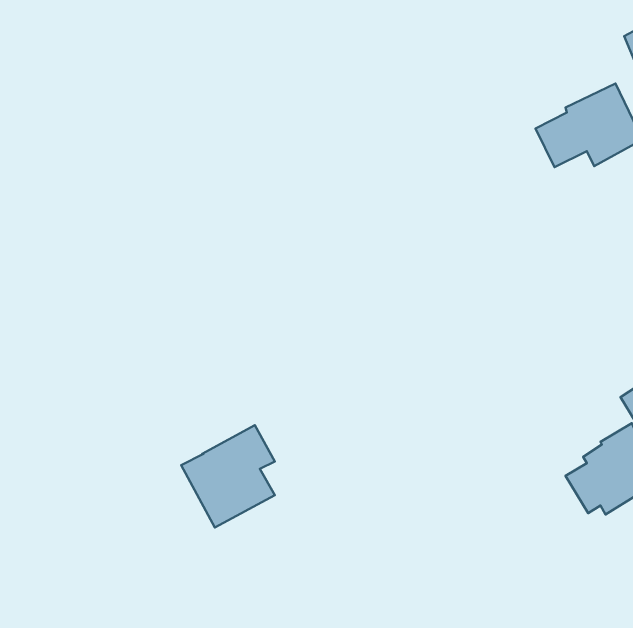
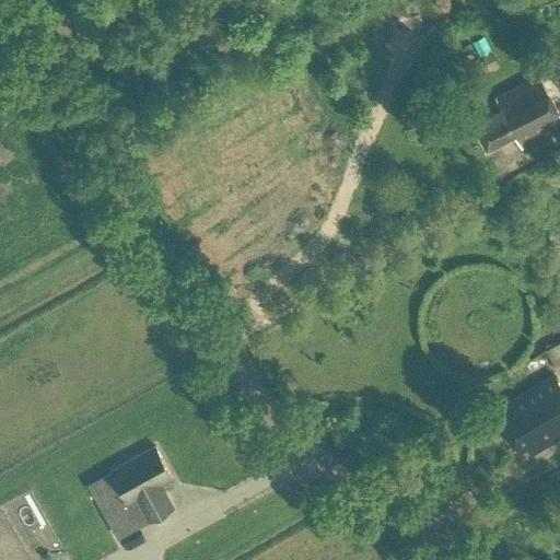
building: [181,425,275,528] -> [94,451,176,540]

